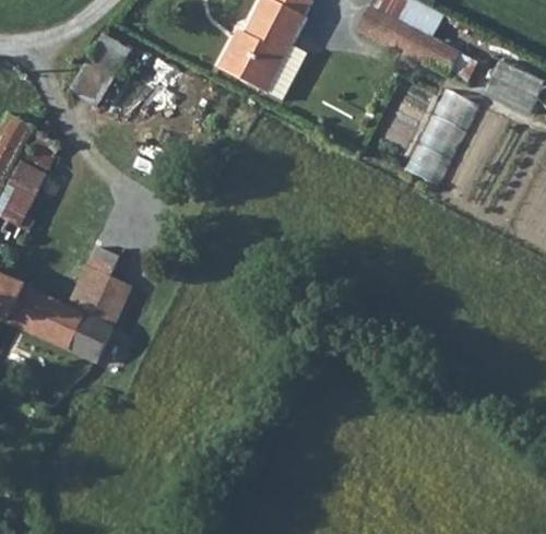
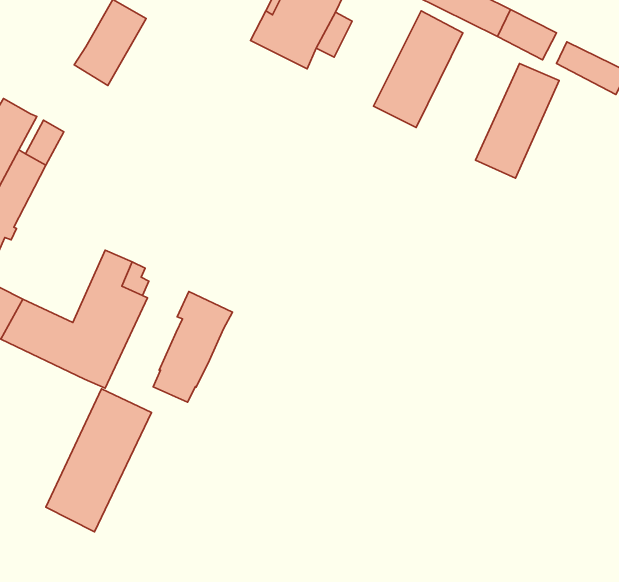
building: none -> [374,11,463,128]
building: none -> [153,291,232,402]
building: none -> [46,389,151,532]

